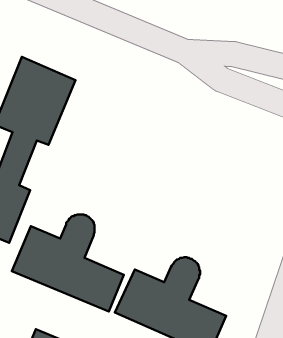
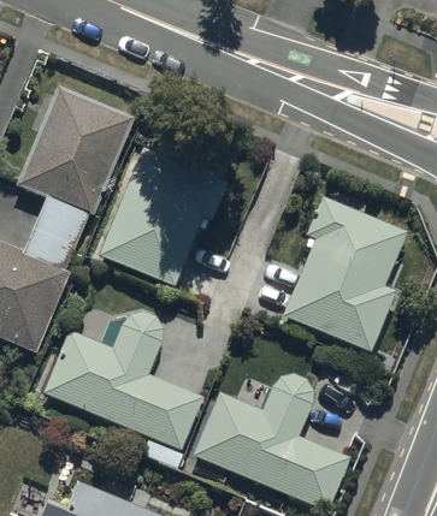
building: none -> [96,146,226,287]
building: none -> [279,197,407,352]

